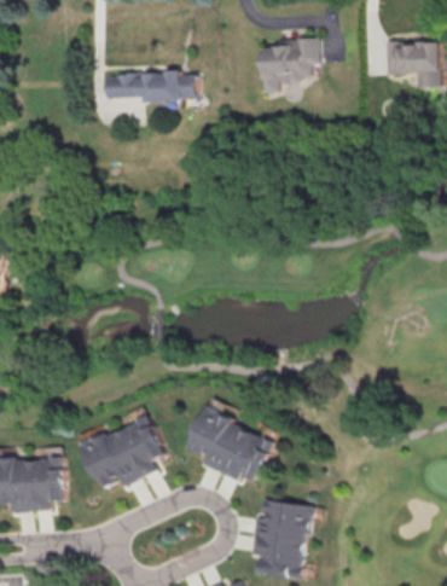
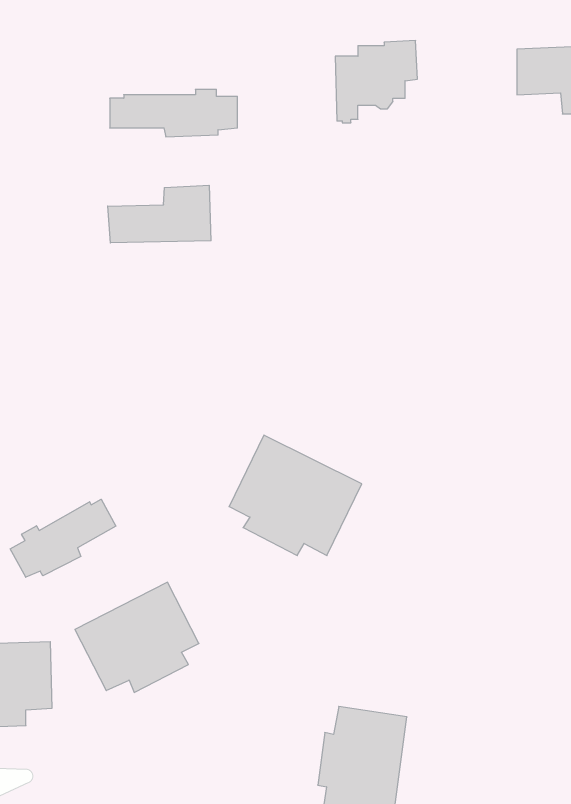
building: none -> [108,185,211,243]
building: none -> [10,499,116,577]
building: [190,398,281,481] -> [229,435,362,556]

